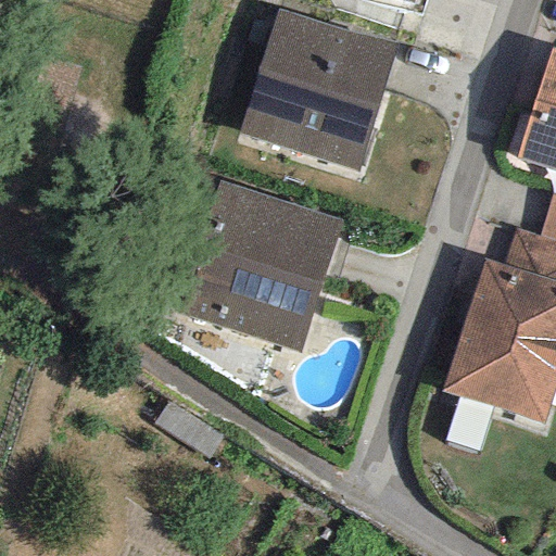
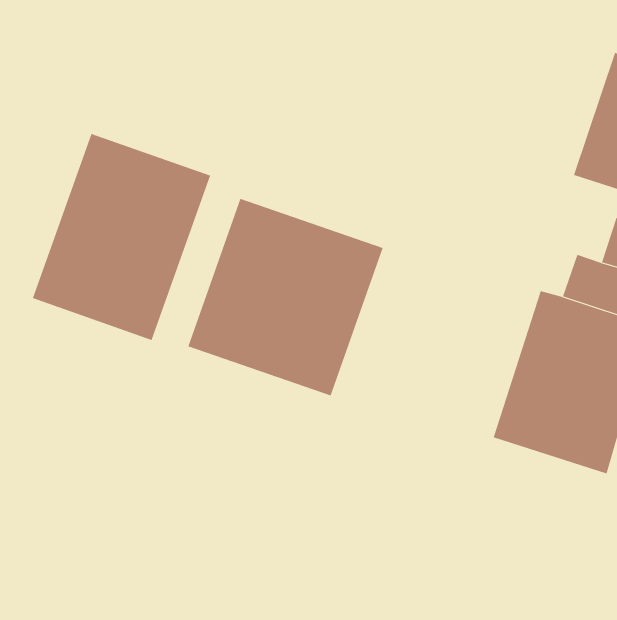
building: [241,8,400,169] -> none
building: none -> [32,133,211,341]

